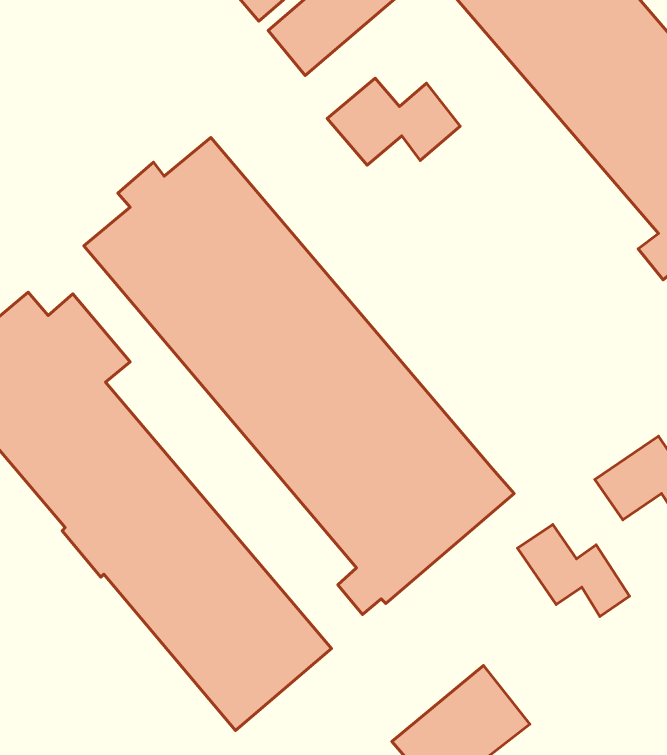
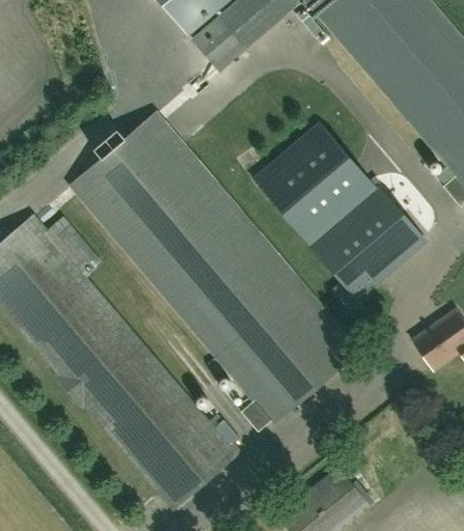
building: [327,78,460,165] -> none
building: none -> [253,121,427,300]
building: [518,524,630,616] -> none

